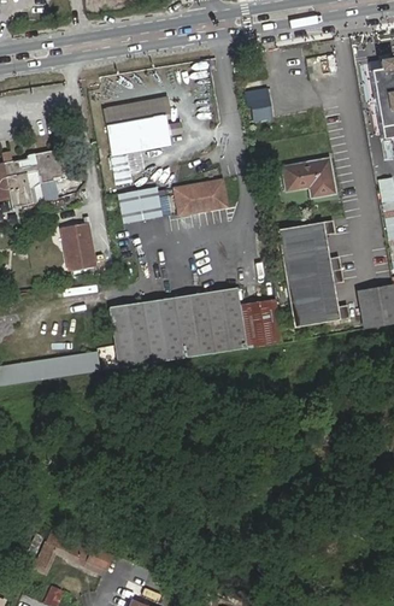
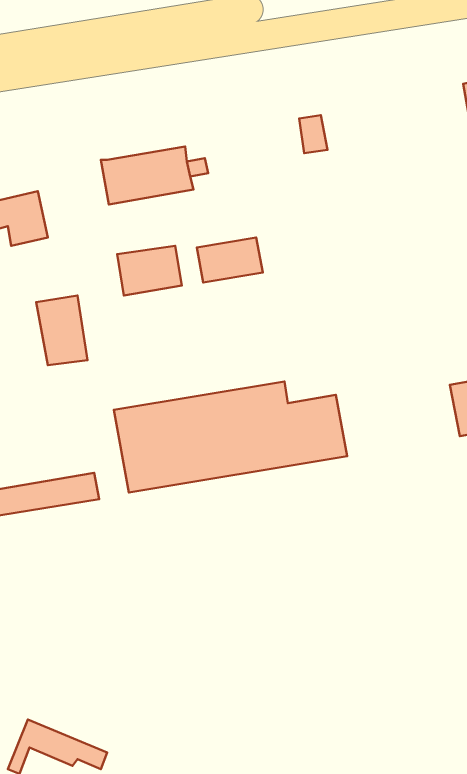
building: [106,96,171,124] -> none
building: [278,158,333,196] -> none
building: [280,217,353,324] -> none

